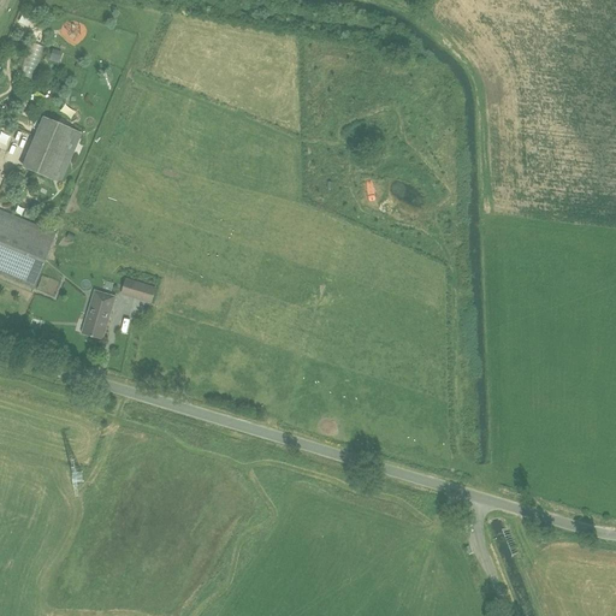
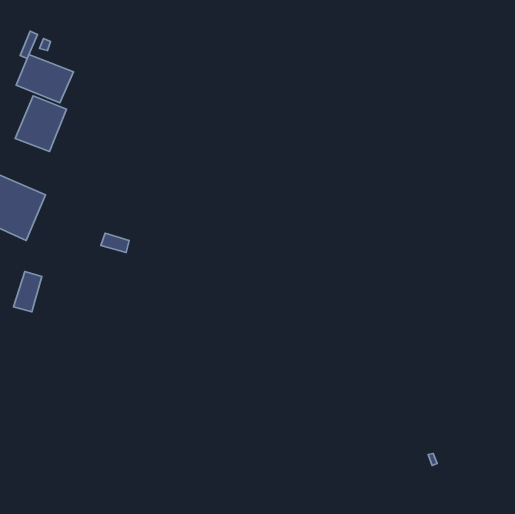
building: none -> [16,55,73,103]
building: [81,290,114,338] -> [14,271,42,312]

